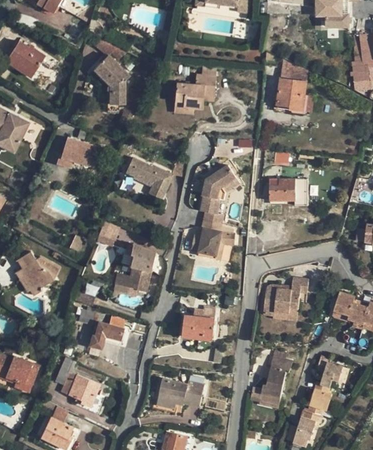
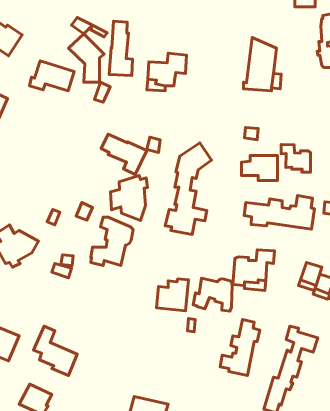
building: none -> [109,21,132,76]
building: [57,138,103,169] -> [30,61,74,91]
building: none -> [281,144,311,172]
building: none -> [111,176,147,220]
building: none -> [244,196,315,229]
building: none -> [193,278,232,311]
building: [90,317,126,349] -> none
building: [158,379,205,409] -> none

